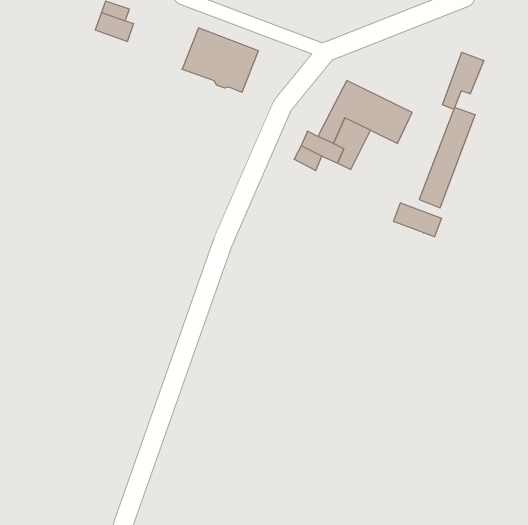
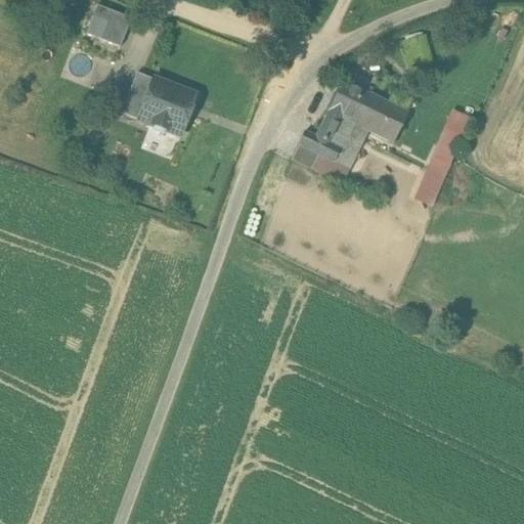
building: [182,28,259,92] -> [121,72,196,135]
building: [443,52,484,109] -> none
building: [393,203,442,237] -> none

